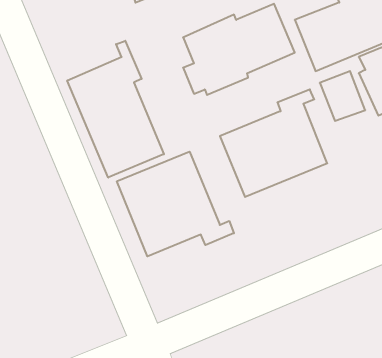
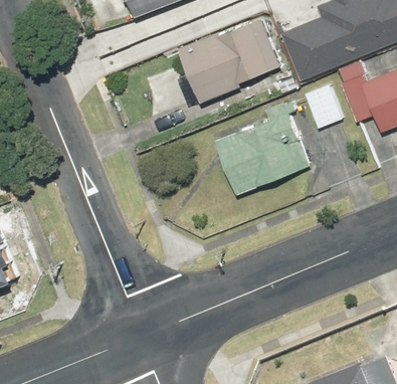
building: [67,41,164,178] -> none
building: [117,152,234,256] -> none

